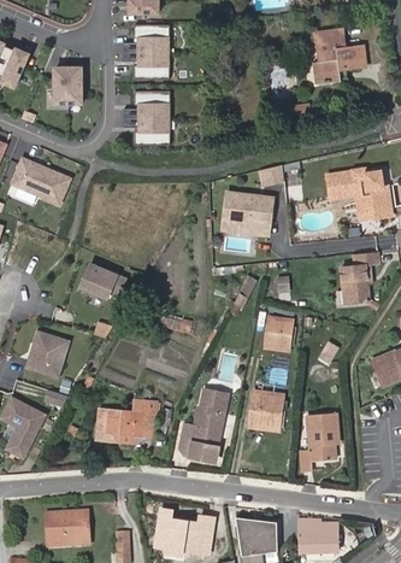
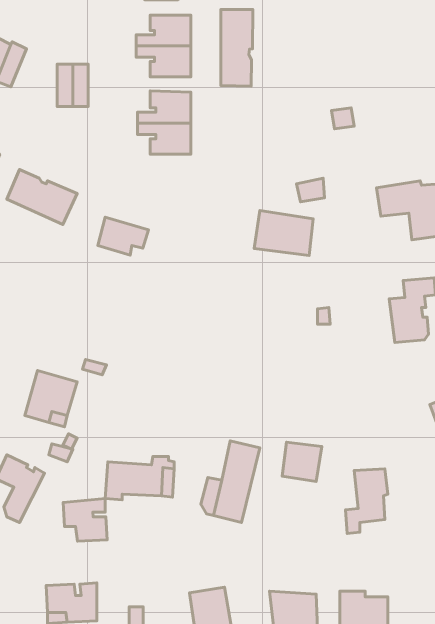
building: none -> [221,9,253,86]
building: [309,29,359,82] -> none
building: [81,269,124,301] -> [98,217,149,255]
building: [264,316,290,348] -> none
building: none -> [63,499,107,541]

